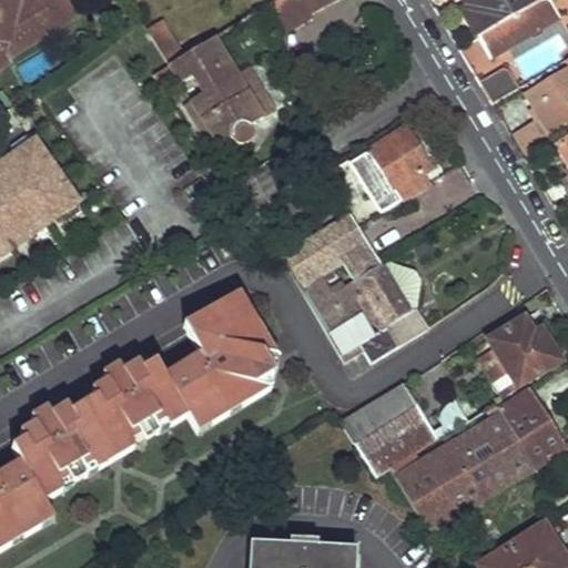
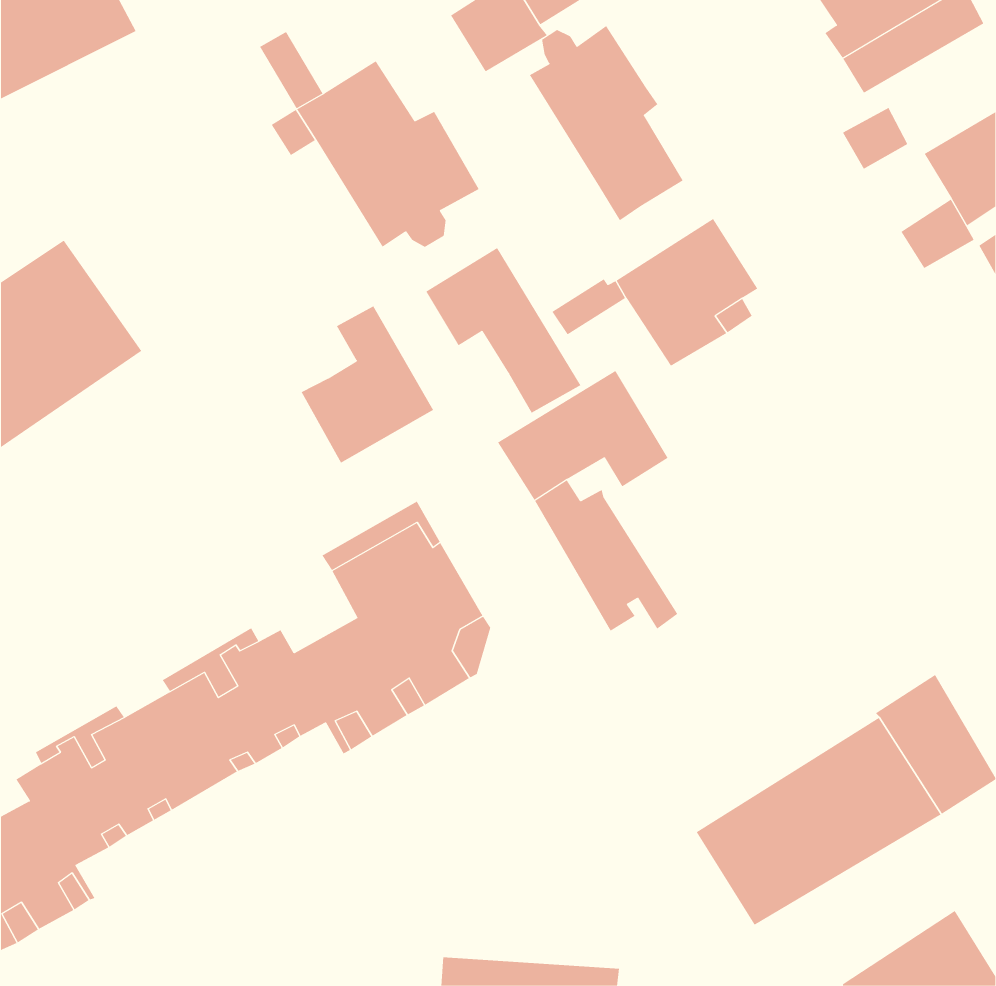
building: none -> [529,25,683,221]
building: none -> [426,247,581,414]
building: none -> [301,305,434,463]
building: [344,261,429,349] -> none
building: [488,314,554,383] -> none
building: [342,382,439,473] -> none

